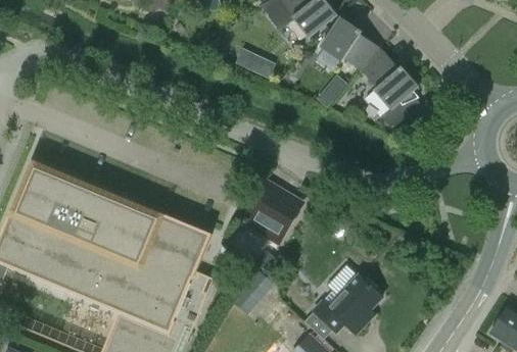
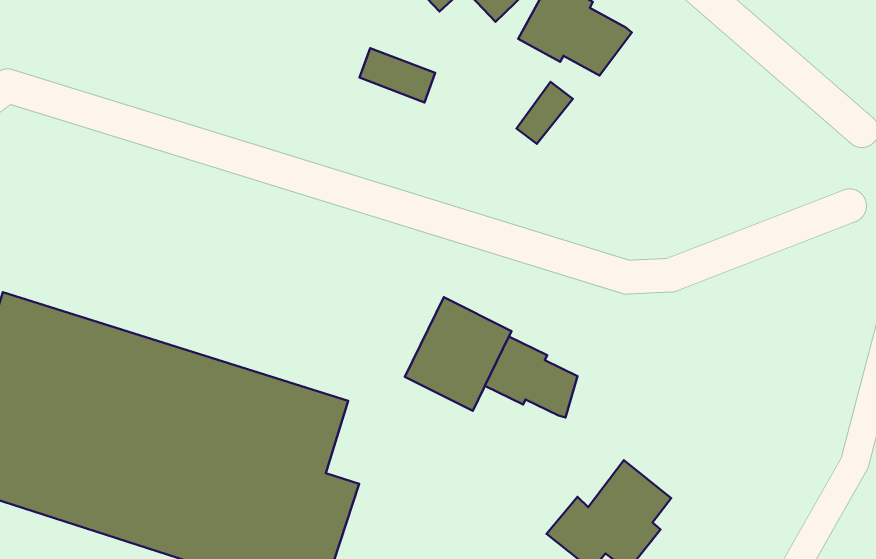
building: [362,49,422,132] -> none
building: none -> [485,337,578,417]
building: [231,268,275,314] -> none

